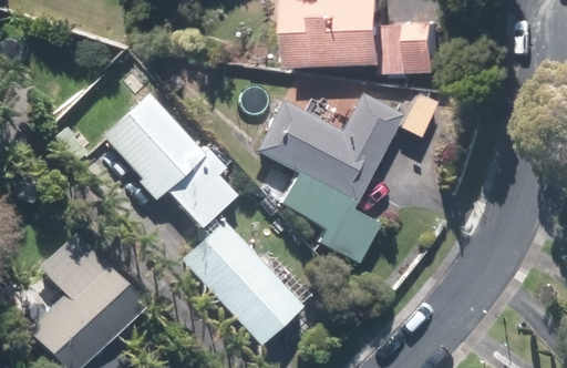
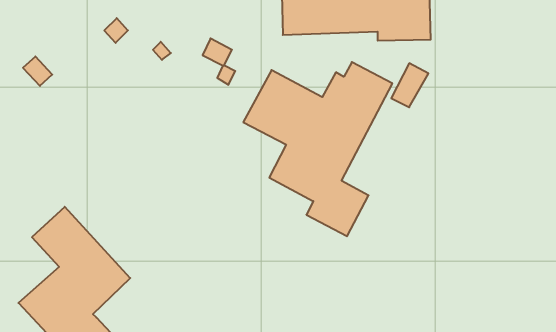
building: [102,92,237,228] -> none
building: [181,222,301,346] -> none

